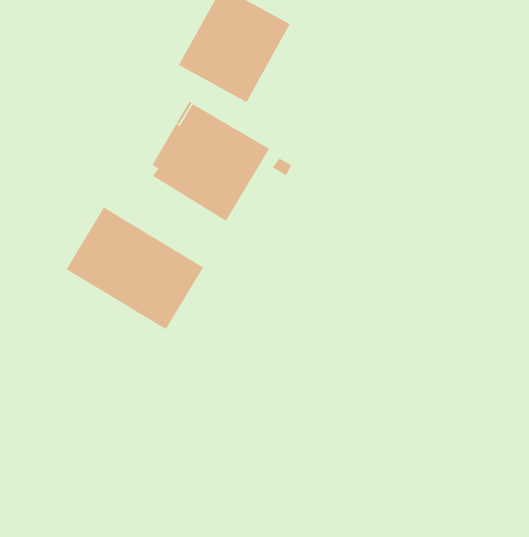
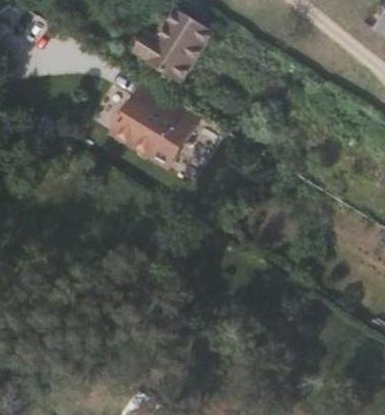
building: [65,207,204,330] -> none

